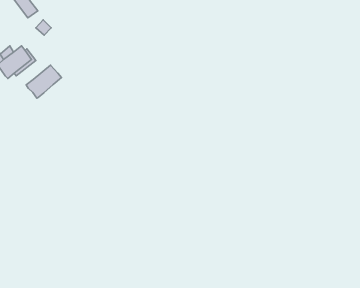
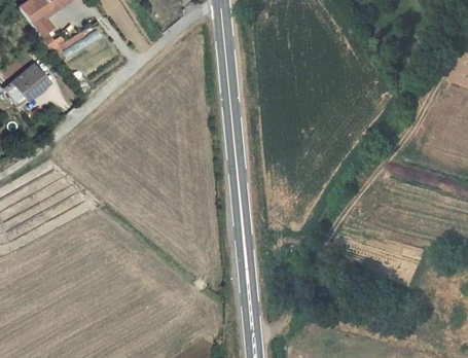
building: [26,65,61,98] -> none

